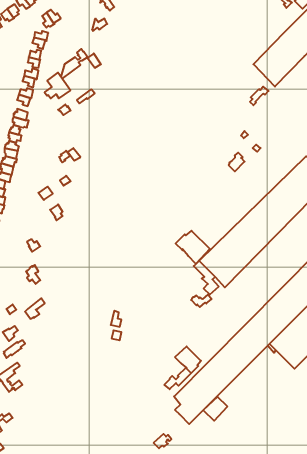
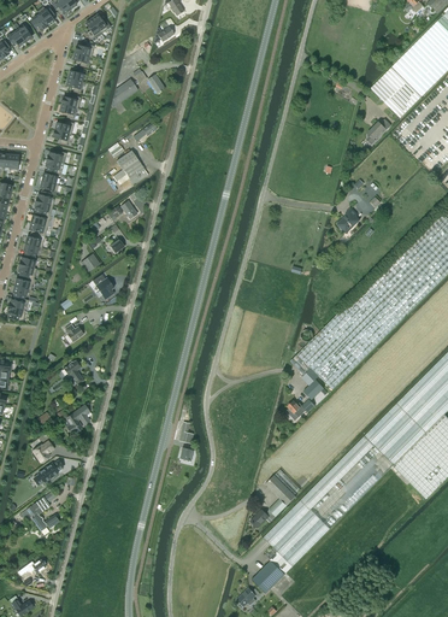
building: [45,73,70,98] -> [113,149,148,184]
building: [176,231,210,264] -> none
building: [203,397,227,421] -> [252,560,284,593]

